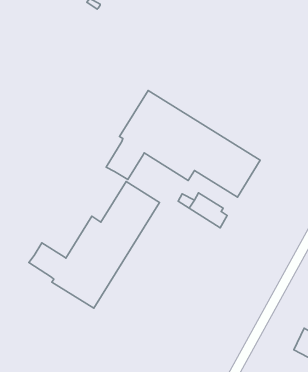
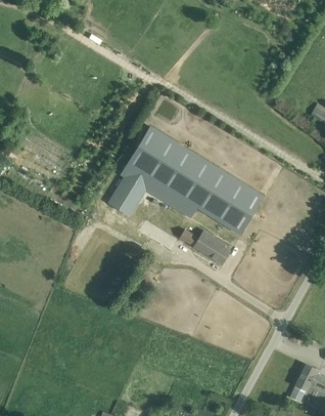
building: [29,182,159,308] -> none

